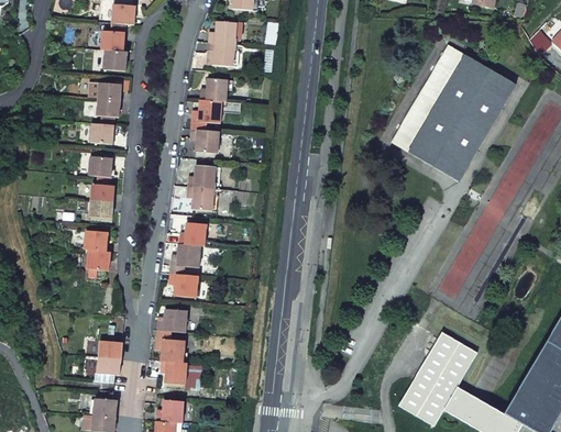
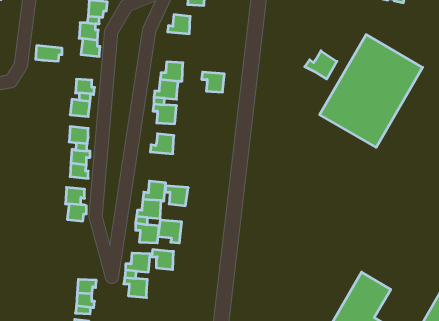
building: [207,42,234,66] -> [202,72,224,92]
building: none -> [305,51,337,79]
building: [89,81,121,100] -> [36,46,62,61]
building: [187,187,215,211] -> [165,186,188,206]
building: none -> [158,220,181,243]
building: [160,361,186,385] -> [152,250,174,270]

